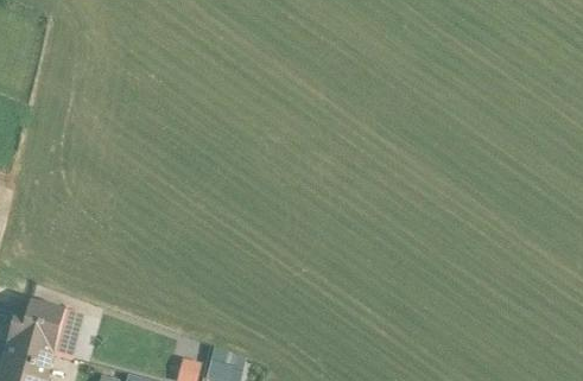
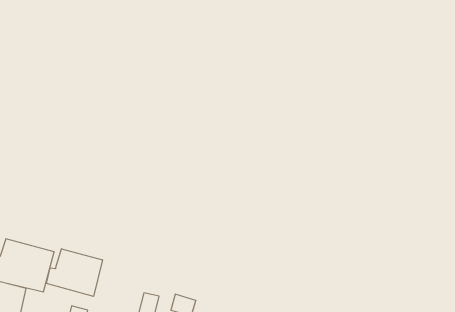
building: none -> [46,249,102,296]

